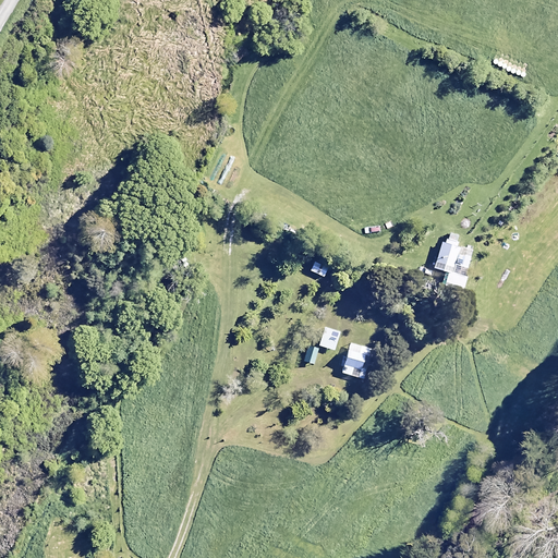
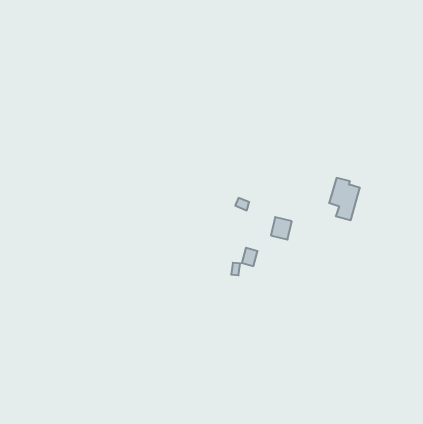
building: [342,348,369,377] -> [271,217,292,240]

